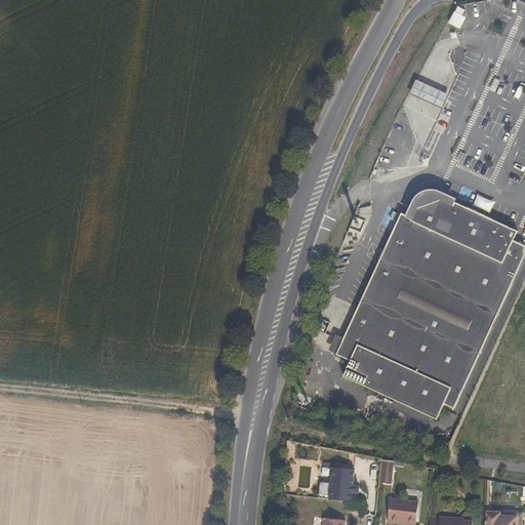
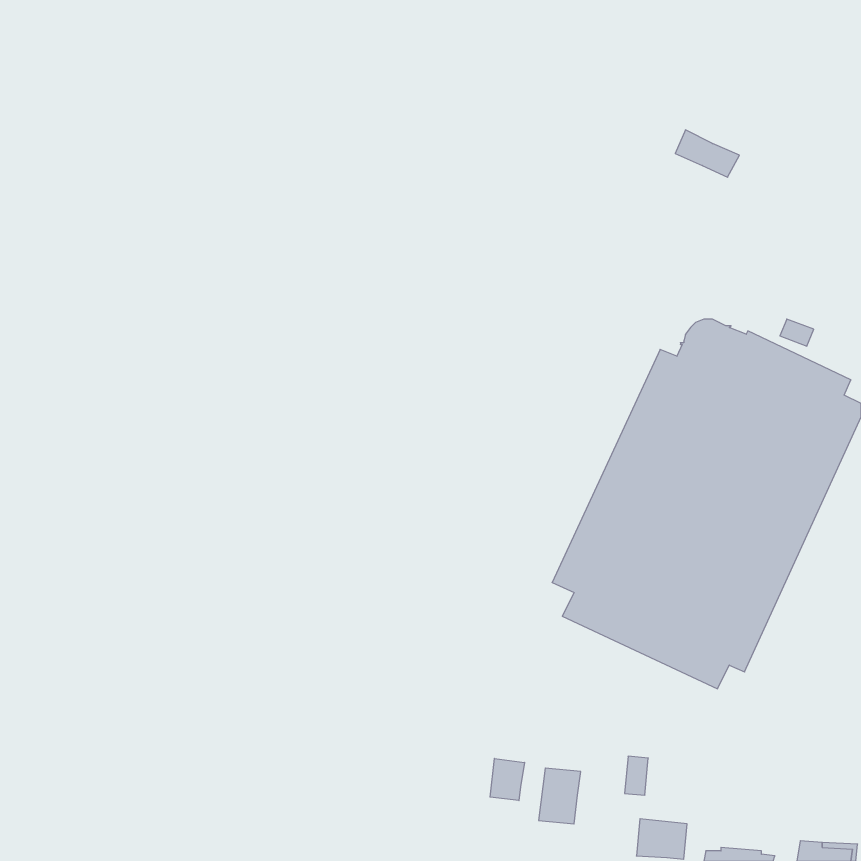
building: none -> [490,758,525,801]

